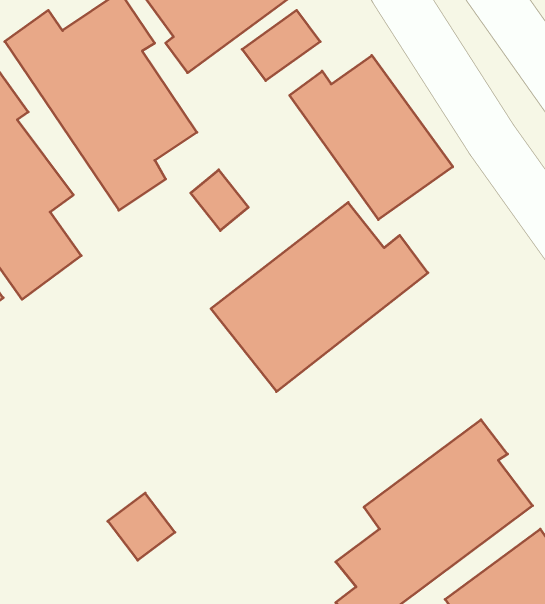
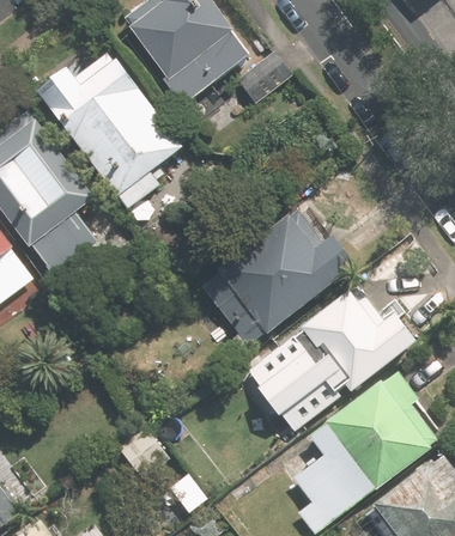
building: [290,55,453,220] -> none
building: none -> [253,293,419,428]

